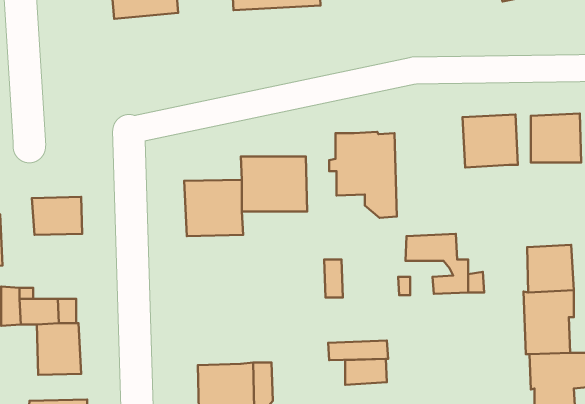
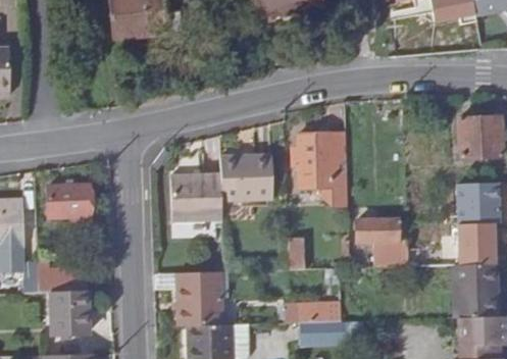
building: [463,115,518,167] -> [456,184,502,227]
building: none -> [176,271,220,325]

